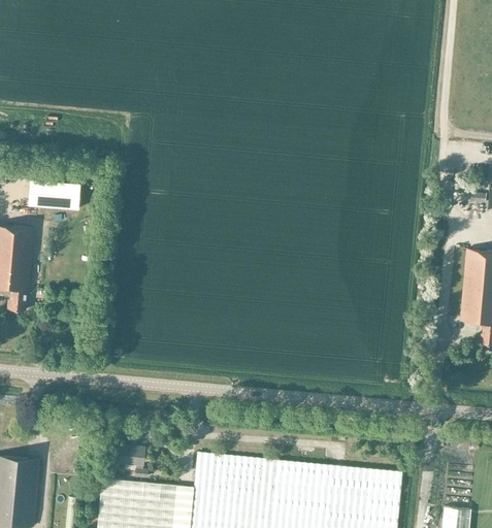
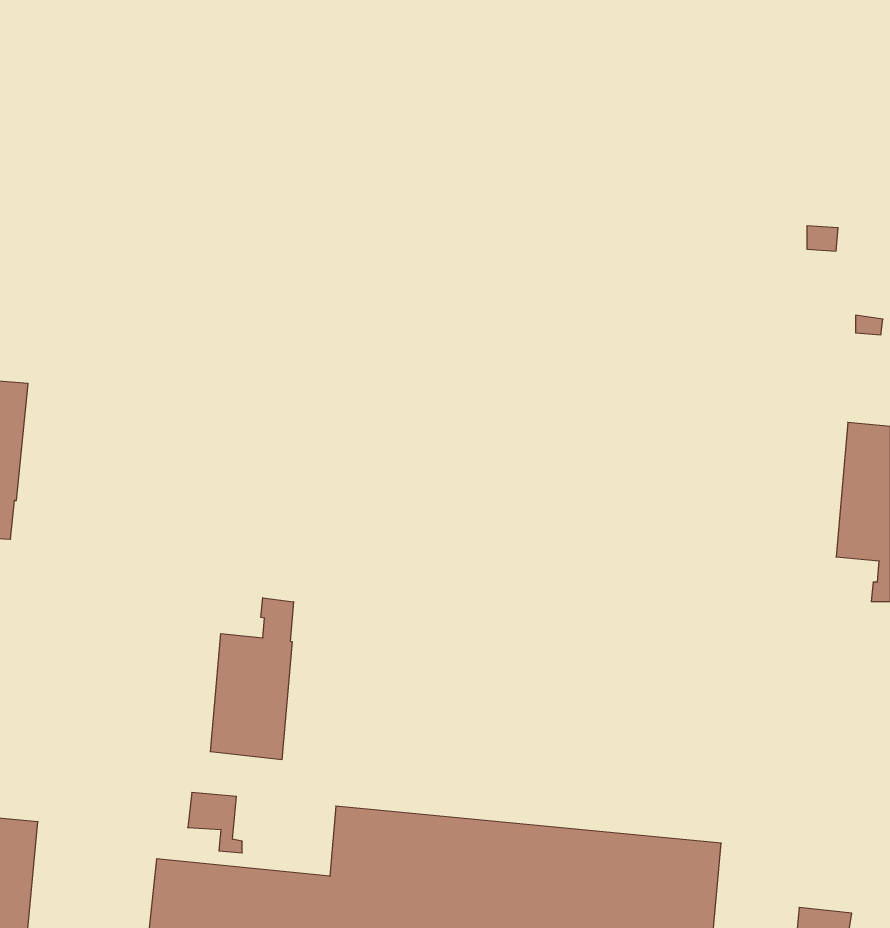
building: [28,182,80,210] -> none
building: none -> [210,598,294,760]

